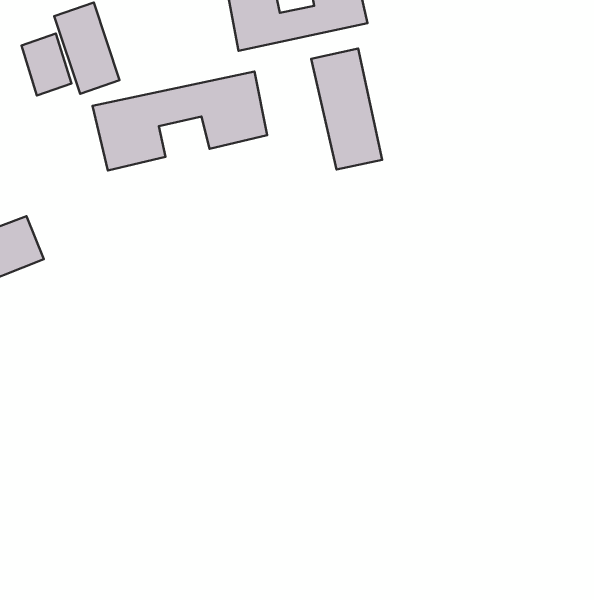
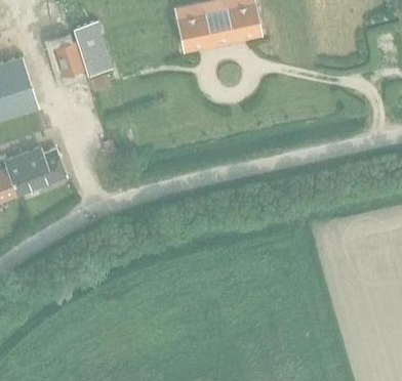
building: [311,48,382,169] -> none
building: [92,71,267,171] -> none

